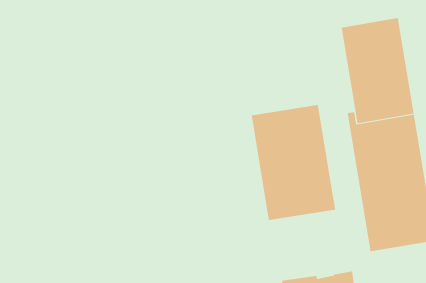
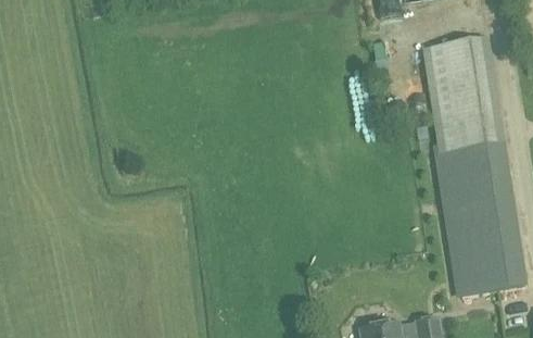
building: [251,104,336,221] -> none

